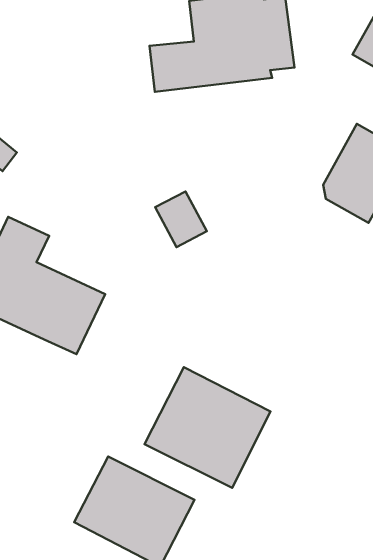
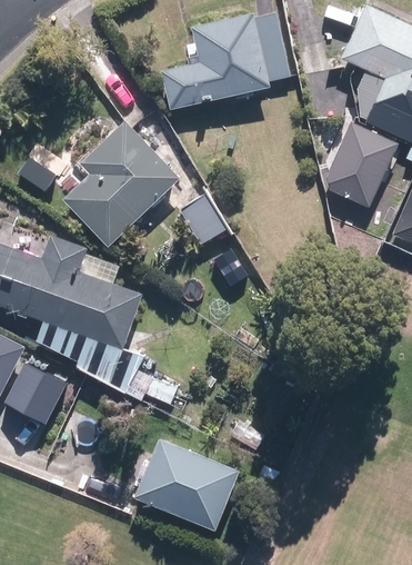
building: none -> [62,121,178,248]
building: none -> [77,339,143,391]
building: [144,367,271,488] -> none

